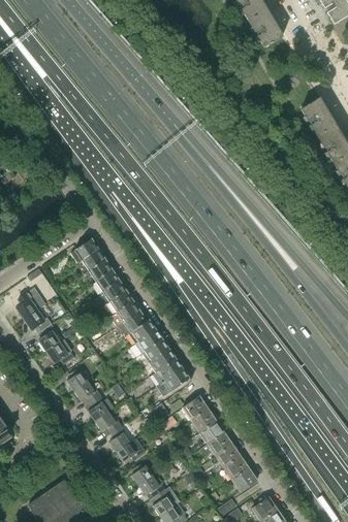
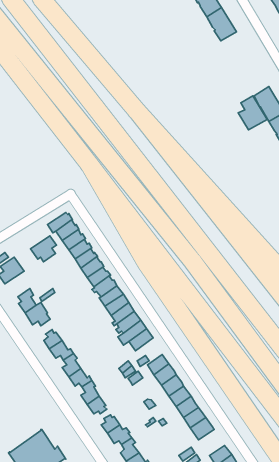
building: none -> [238,96,267,130]
building: [24,303,53,332] -> [30,236,56,262]

